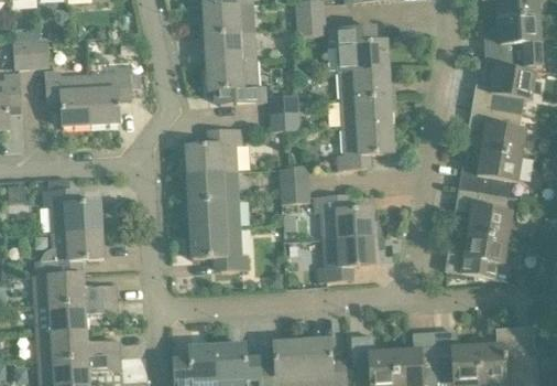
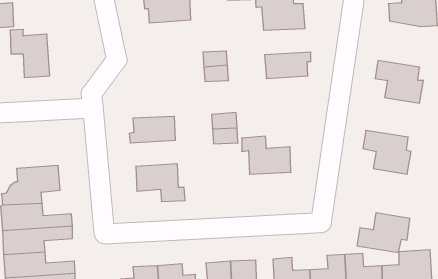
building: [207,58,265,104] -> none
building: [88,66,132,124] -> none
building: [473,66,535,114] -> none
building: [340,68,395,99] -> none
building: [338,124,393,170] -> none
building: [187,128,242,173] -> none
building: [459,149,522,195] -> none
building: [43,187,101,232] -> none
building: [185,199,240,229] -> none
building: [446,232,507,278] -> [357,213,410,253]
building: [318,236,374,281] -> none

